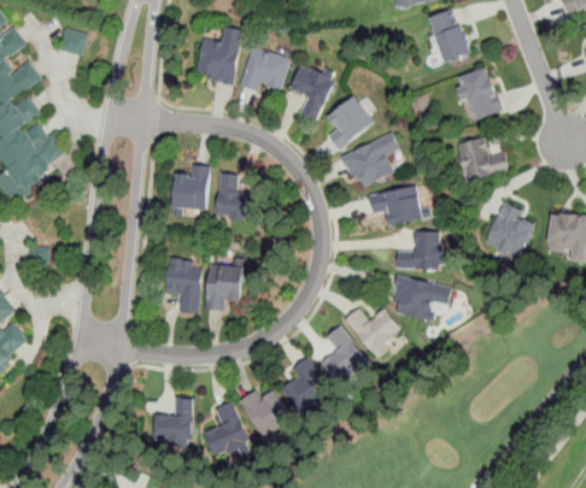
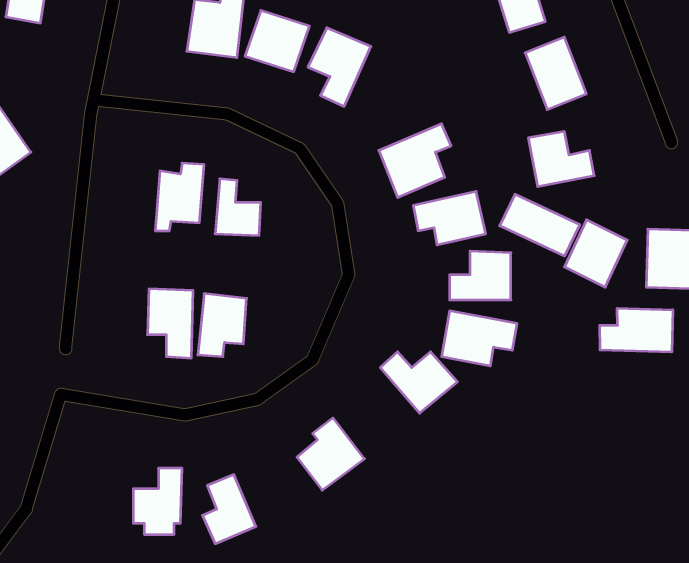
building: [326,94,374,147] -> none
building: none -> [500,194,580,256]
building: none -> [600,308,673,352]
building: [320,325,367,383] -> none
building: [239,388,292,443] -> none

